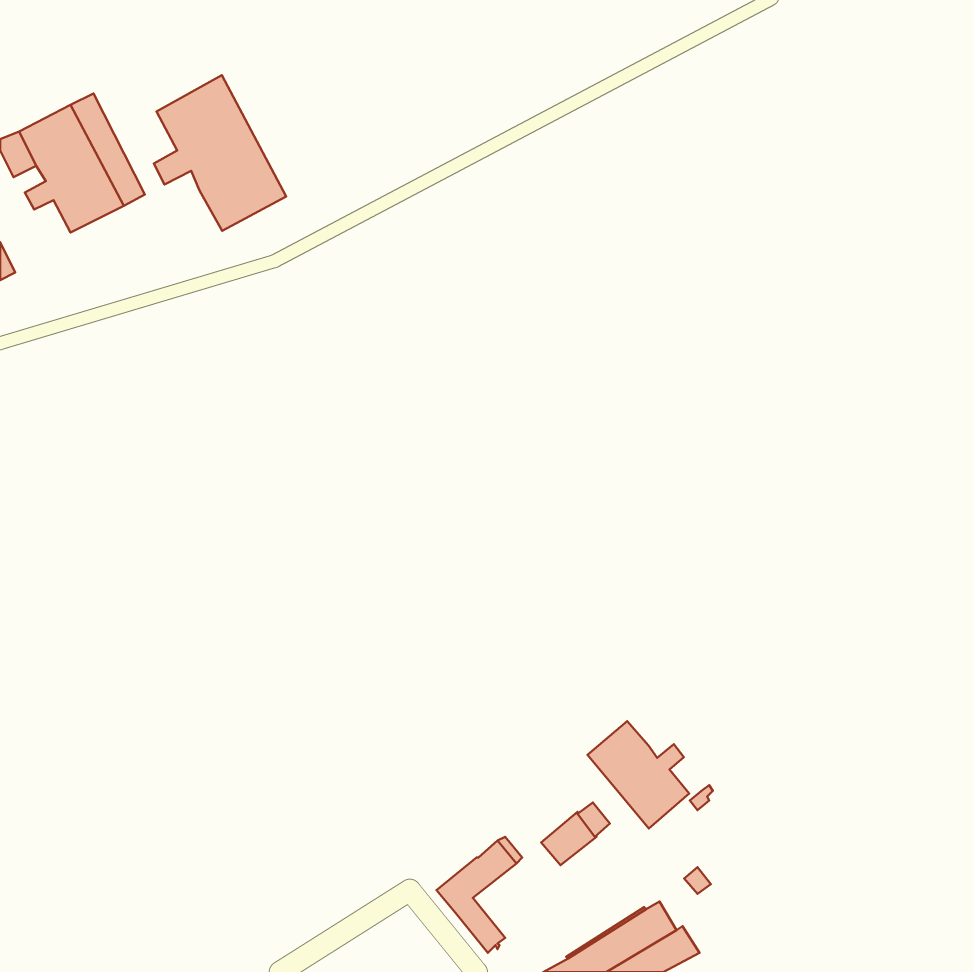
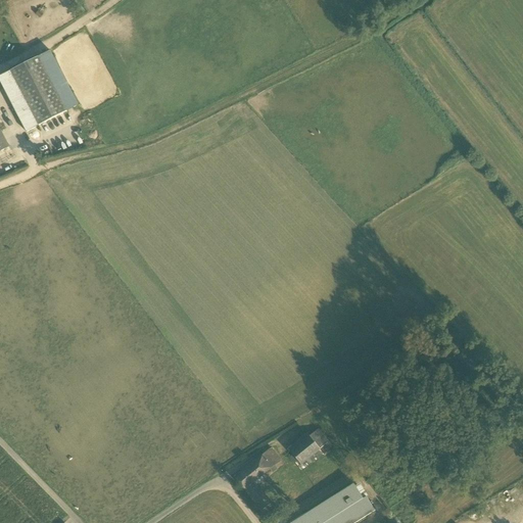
building: [154,75,286,231] -> none
building: none -> [7,89,38,131]
building: [588,721,689,828] -> none

